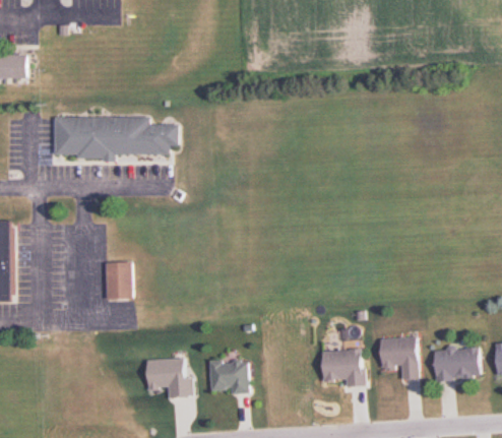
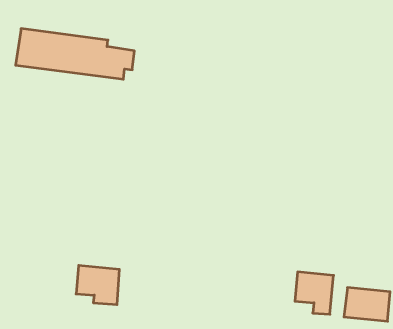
building: [106,261,132,299] -> none
building: [321,350,365,387] -> none
building: [208,360,249,393] -> none

